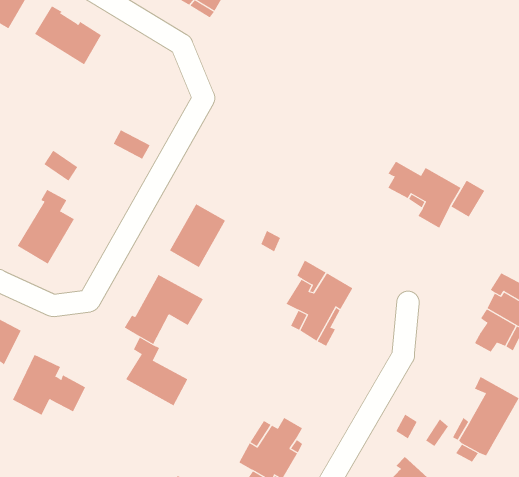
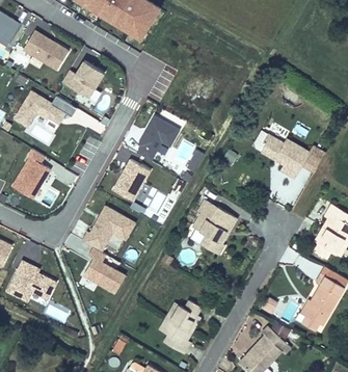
building: none -> [61,59,103,97]
building: none -> [15,90,65,128]
building: none -> [137,114,180,159]

